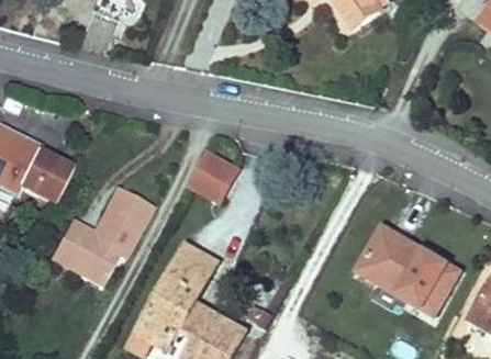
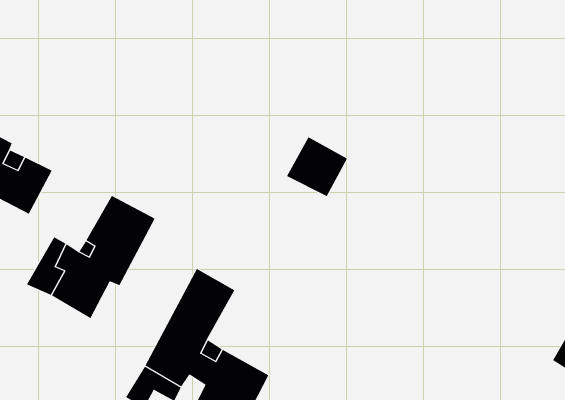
building: [190,149,239,198] -> [286,136,348,197]
building: [358,226,460,313] -> none

